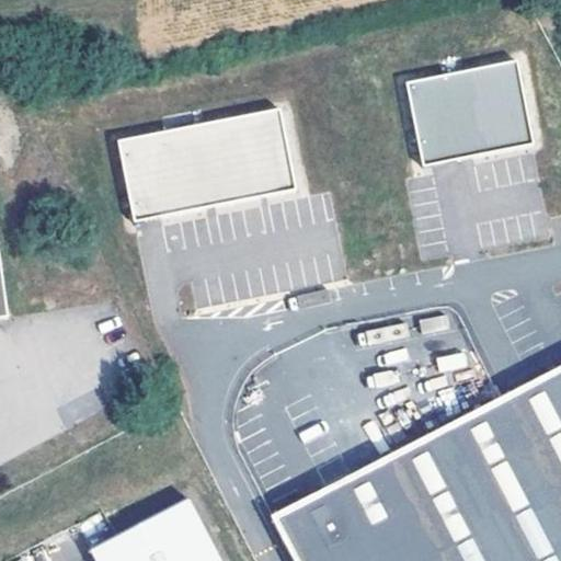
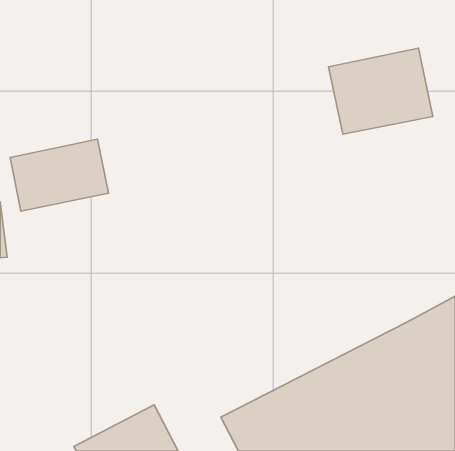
building: [116,108,295,224] -> none
building: none -> [10,139,108,211]

